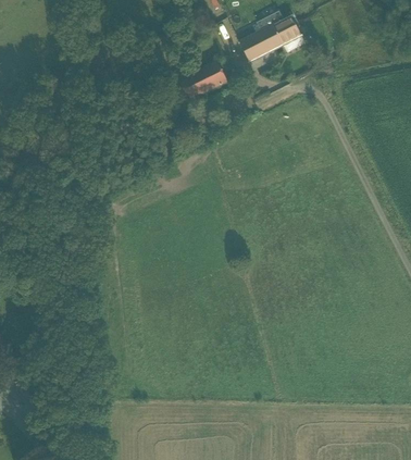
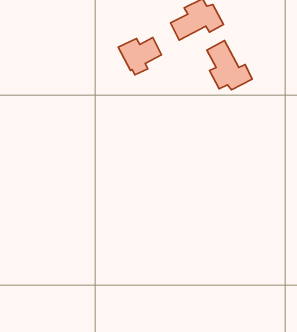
building: none -> [207,41,252,90]

